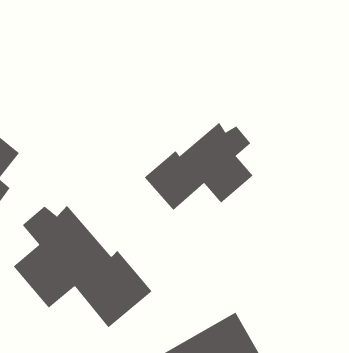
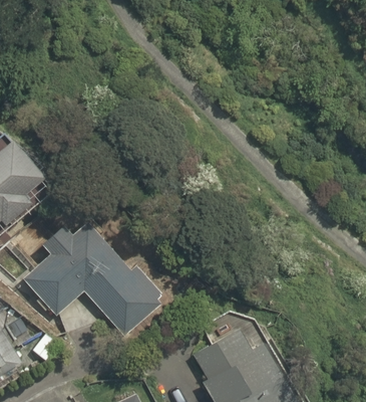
building: [144,122,253,211] -> none

